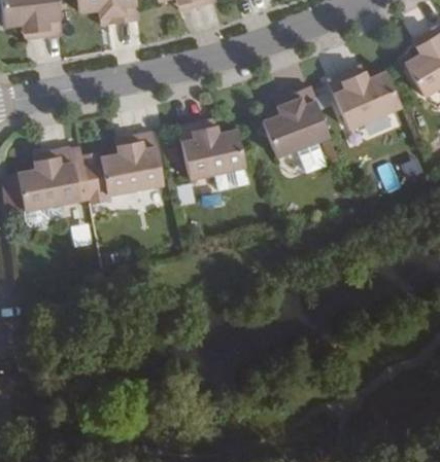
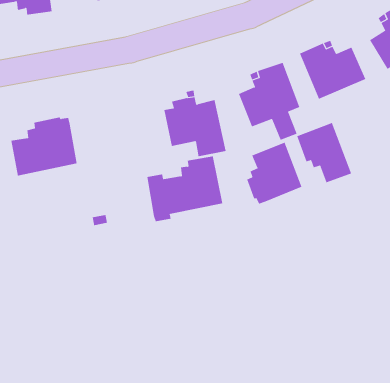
building: [81,133,164,204] -> [147,156,223,222]
building: none -> [296,122,352,183]
building: none -> [246,142,302,204]

